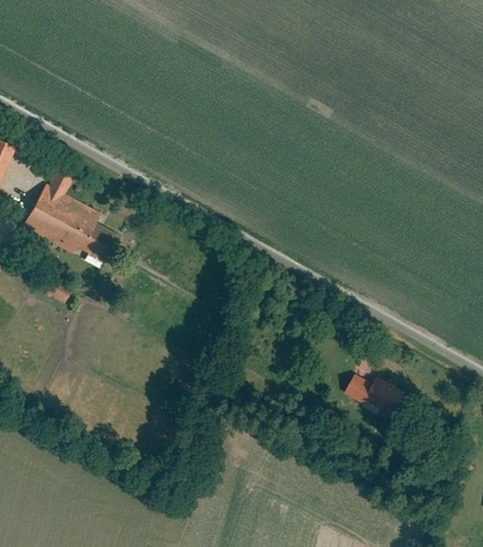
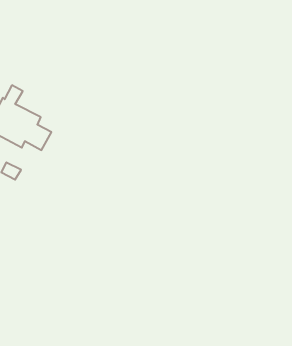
building: [347,375,397,410] -> none

